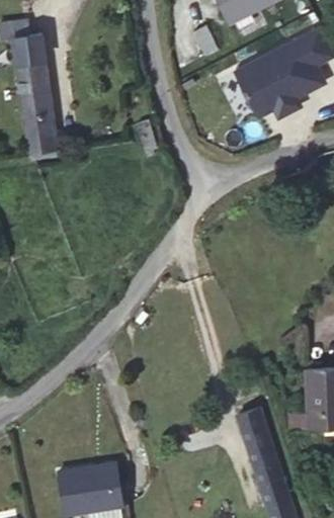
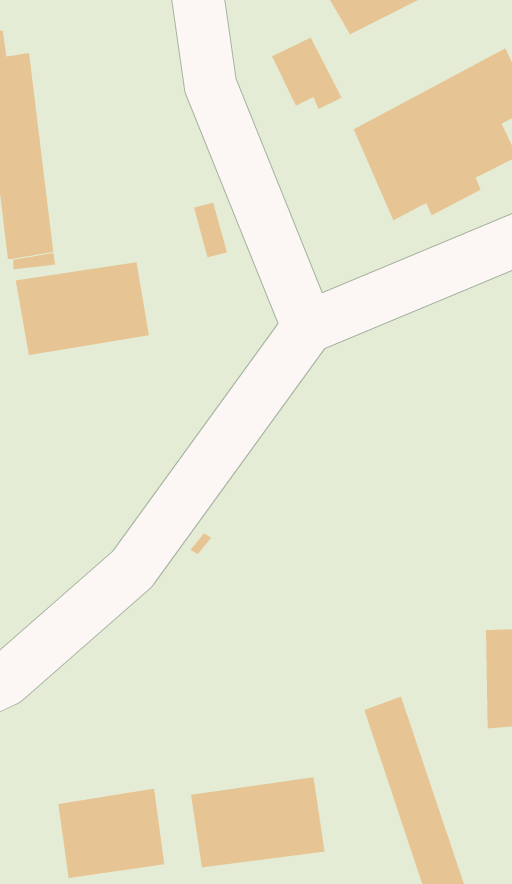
building: none -> [15,261,149,356]
building: none -> [191,776,325,868]

